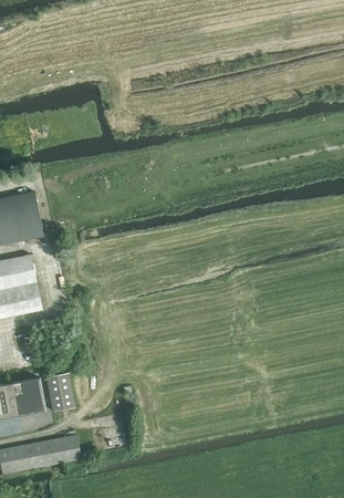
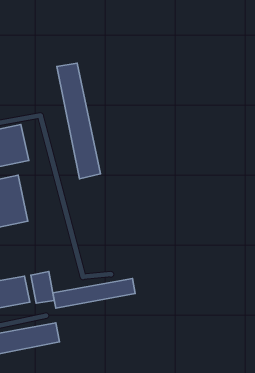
building: none -> [57,63,100,179]
building: none -> [53,279,135,308]

